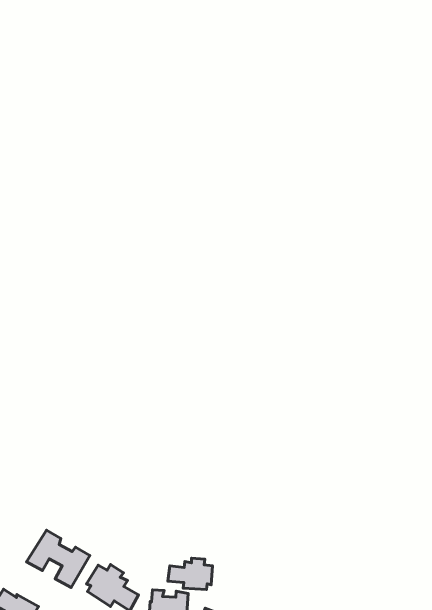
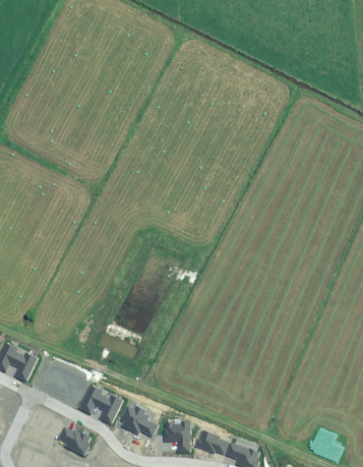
building: [168,558,213,589] -> none

